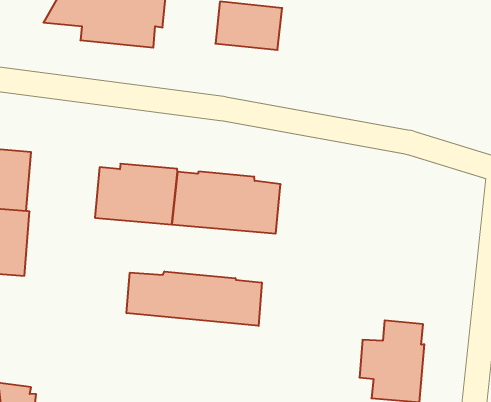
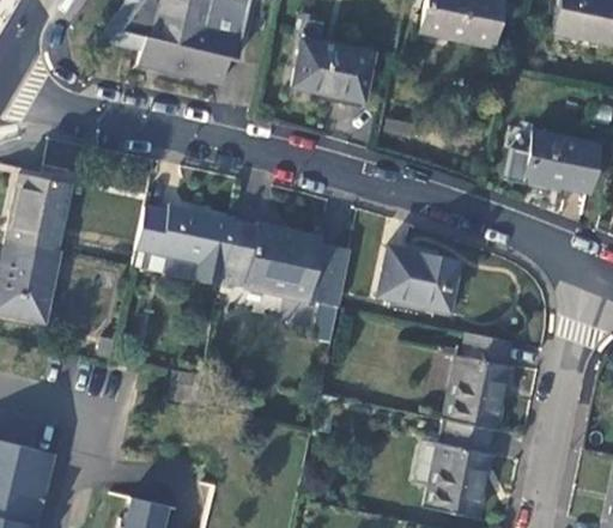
building: none -> [524,133,595,192]
building: none -> [377,248,457,311]
building: none -> [442,333,509,430]
building: [127,271,262,326] -> none

